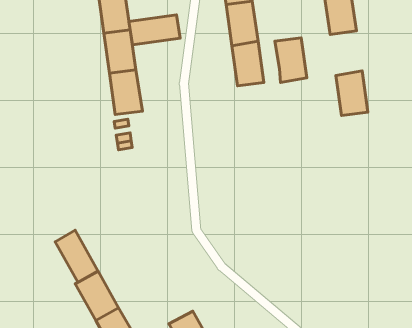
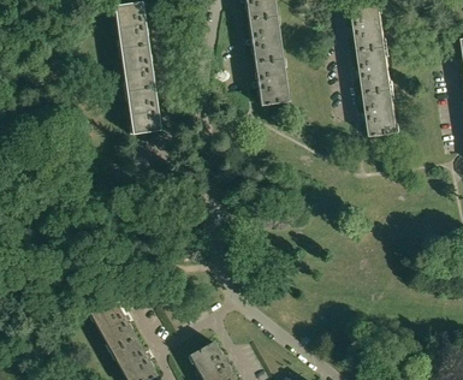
building: [129,15,180,45] -> none
building: [275,38,307,82] -> [358,47,392,94]
building: [55,230,98,282] -> none

